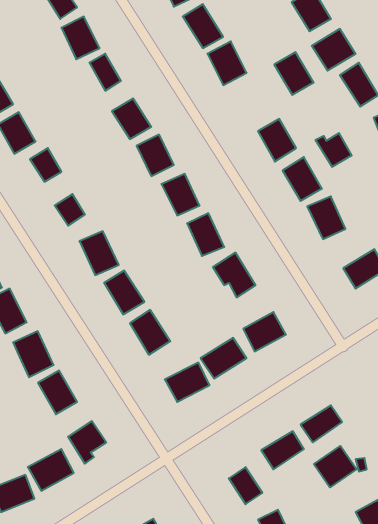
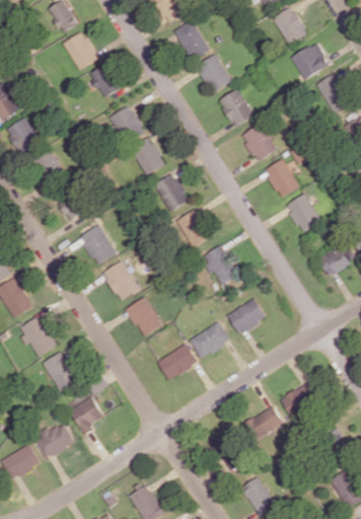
building: [274,52,314,95] -> [218,88,254,127]
building: [316,133,352,167] -> none
building: [314,446,356,487] -> none

